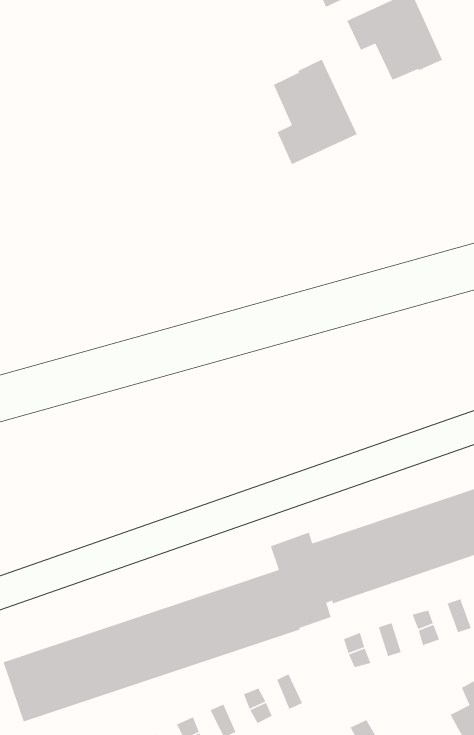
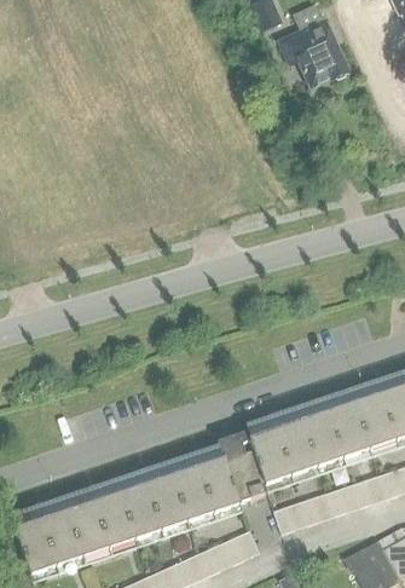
building: [273,58,358,165] -> none

